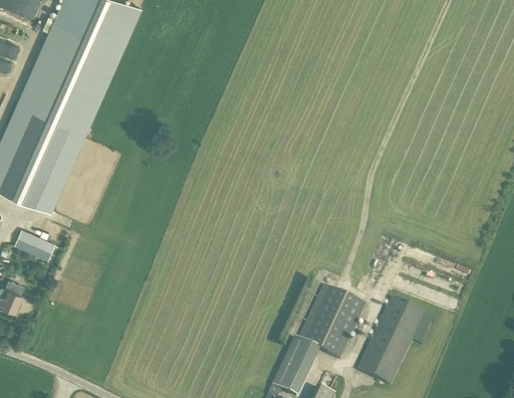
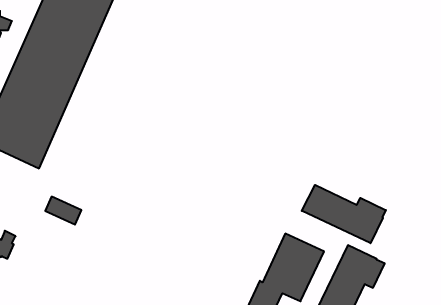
building: [13,229,53,260] -> [45,197,81,225]
building: none -> [302,185,386,243]

